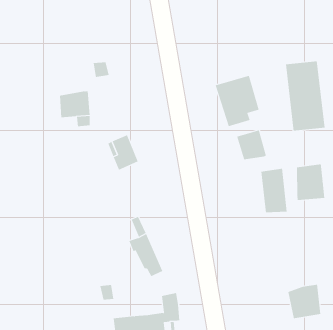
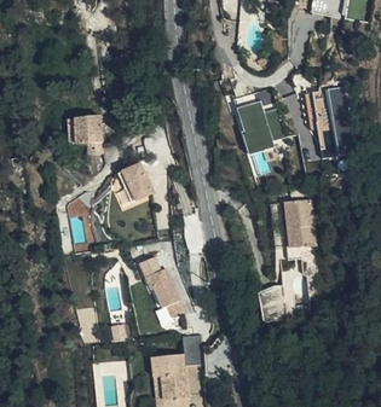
building: [236,130,267,160] -> none
building: [297,164,325,201] -> none
building: [288,284,321,319] -> [258,284,294,321]

